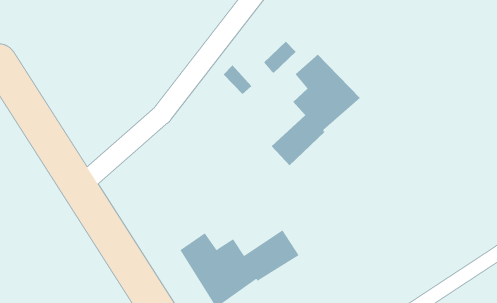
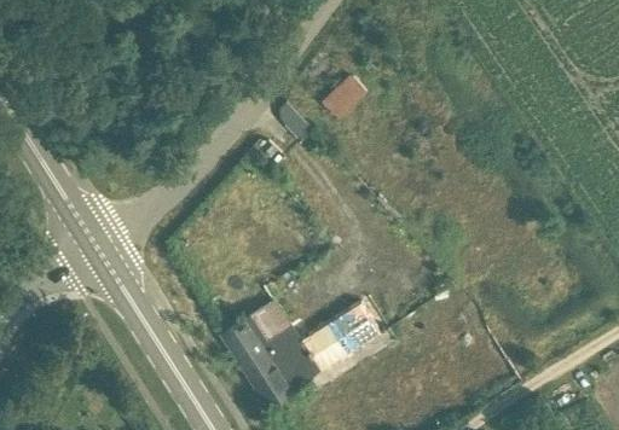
building: [271,54,361,166] -> none

